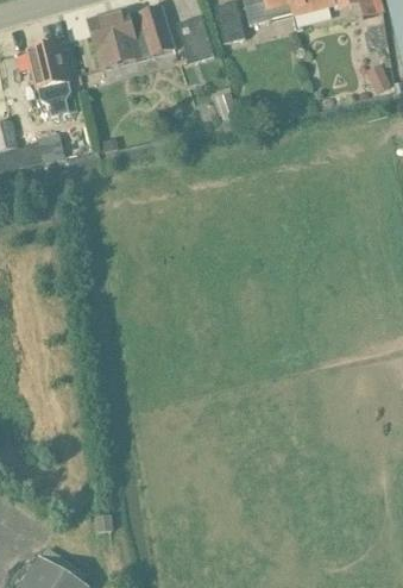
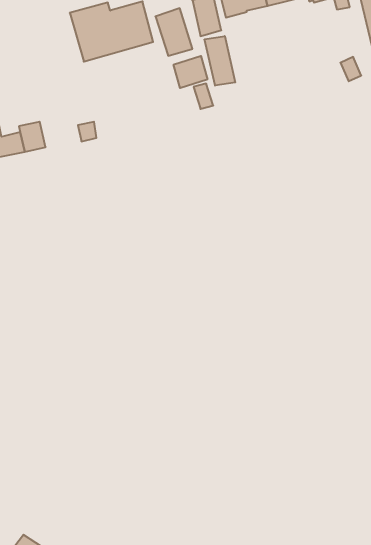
building: [30,42,71,105] -> none
building: none -> [205,36,235,86]
building: none -> [174,56,207,88]

